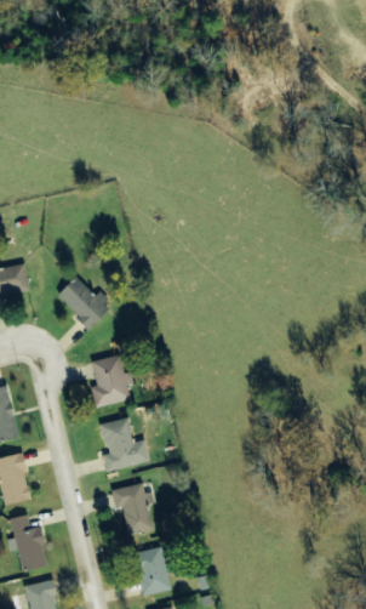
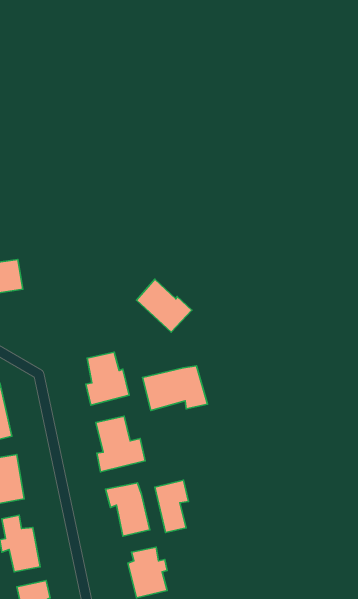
building: [57,275,111,328] -> [136,279,192,332]
building: none -> [142,366,207,411]
building: none -> [155,480,188,532]

